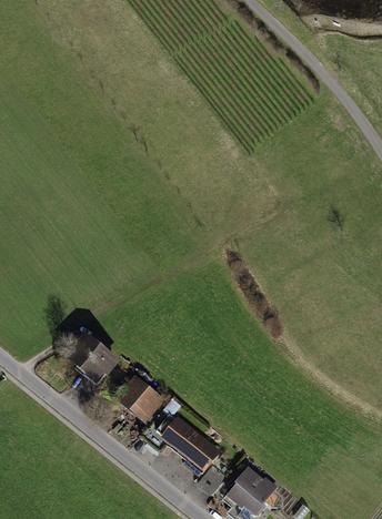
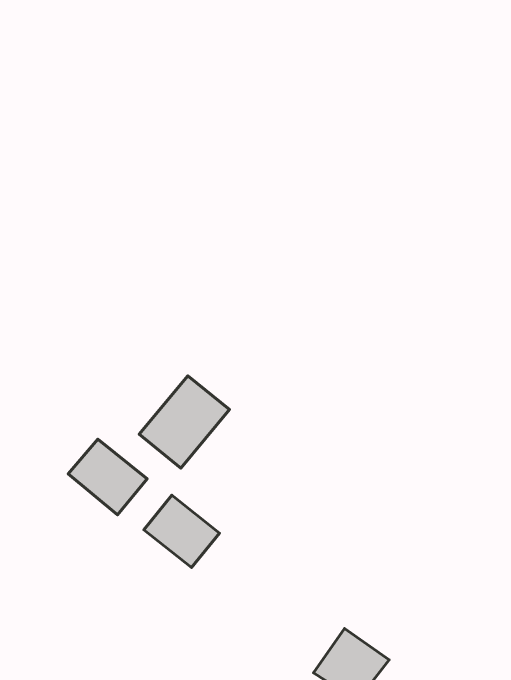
building: none -> [139,376,229,468]
building: [160,415,221,471] -> none

